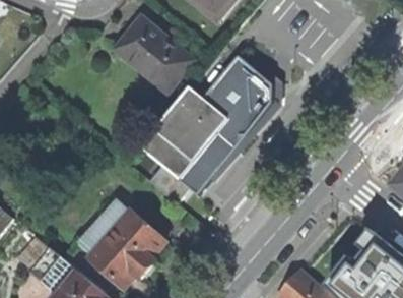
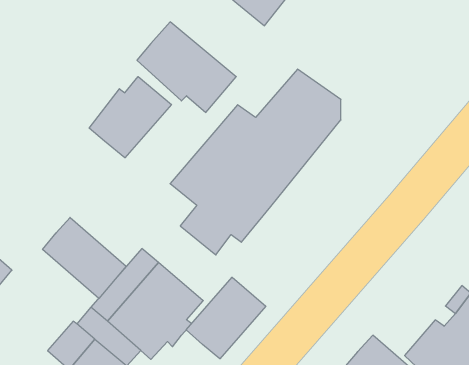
building: none -> [89,77,171,158]
building: none -> [43,217,126,298]
building: none -> [186,277,266,359]

